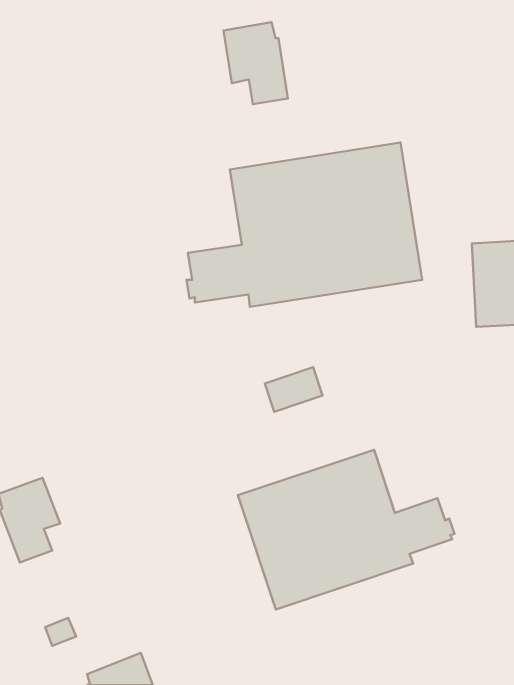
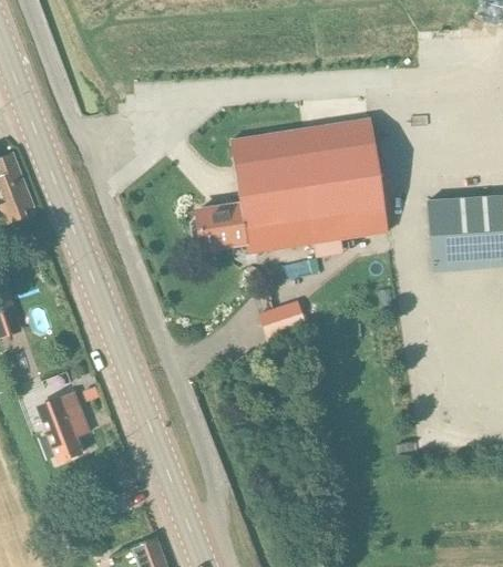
building: [224,22,288,104] -> none
building: [238,450,455,610] -> none

